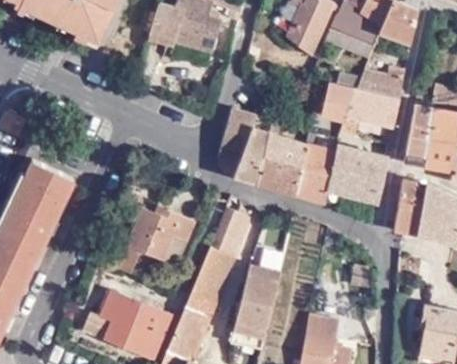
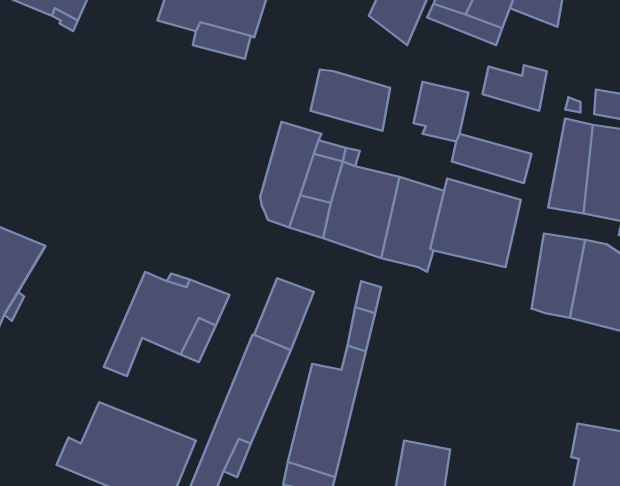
building: [347,87,399,127] -> [311,70,390,131]

